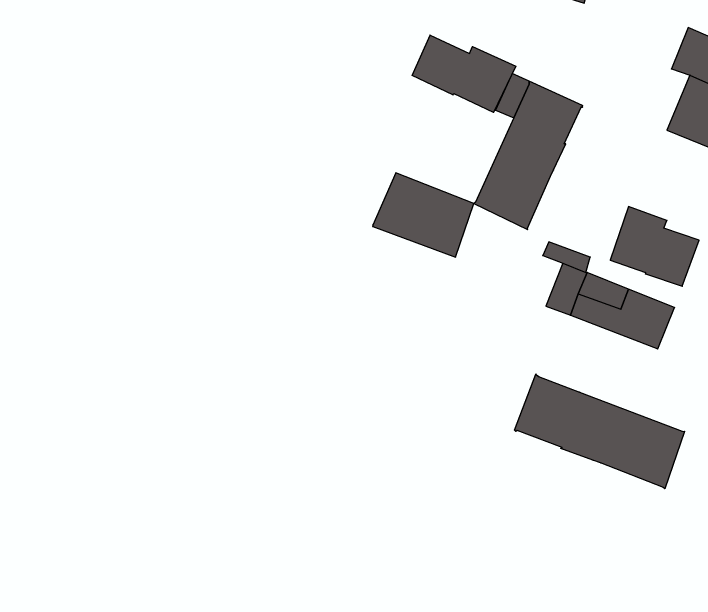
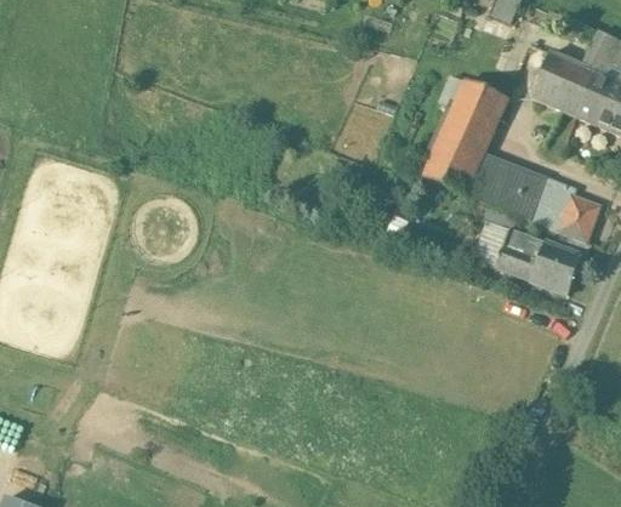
building: [412,35,516,112] -> none
building: none -> [529,53,593,116]
building: [373,173,474,257] -> [465,153,545,220]
building: [515,374,685,489] -> none

